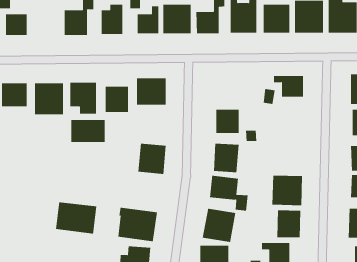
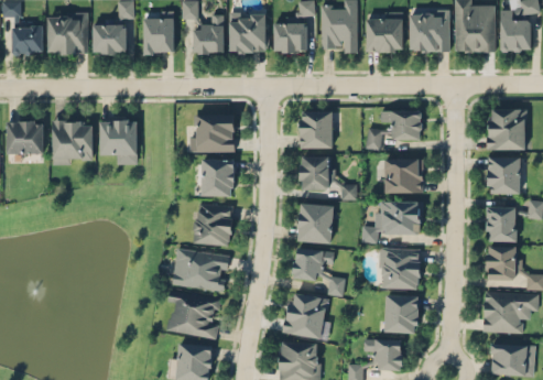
building: none -> [47,12,88,55]
building: none -> [301,111,332,148]
building: [105,86,129,113] -> [200,160,234,196]
building: none -> [384,159,423,193]
building: [71,119,105,143] -> none
building: none -> [361,200,423,243]
building: [55,202,97,234] -> [172,248,229,292]

